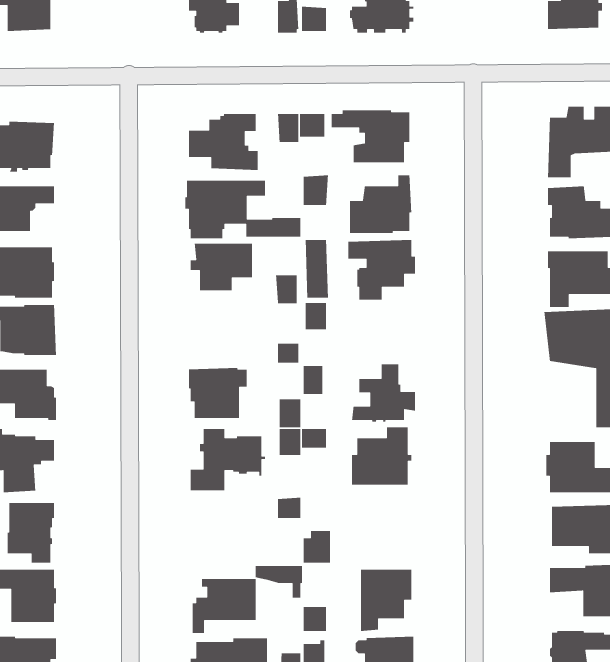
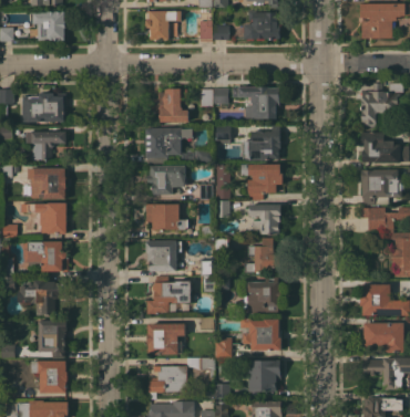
building: none -> [146,204,186,230]
building: none -> [248,205,280,234]
building: none -> [240,317,281,350]
building: none -> [147,323,185,355]

